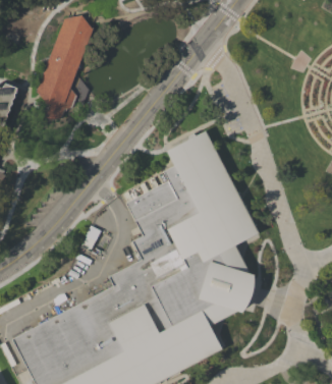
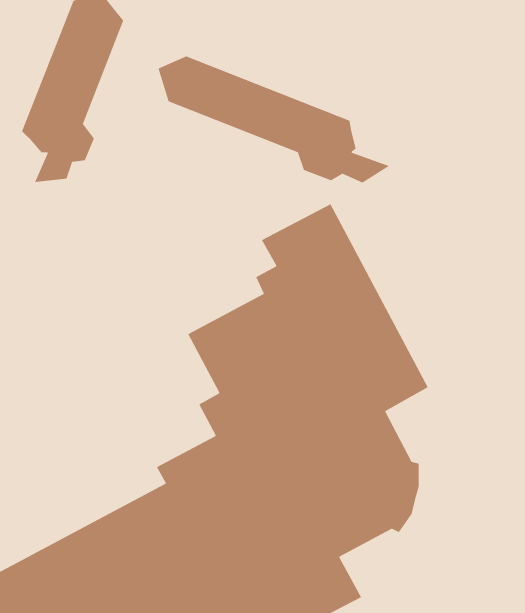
building: none -> [158,56,390,183]

